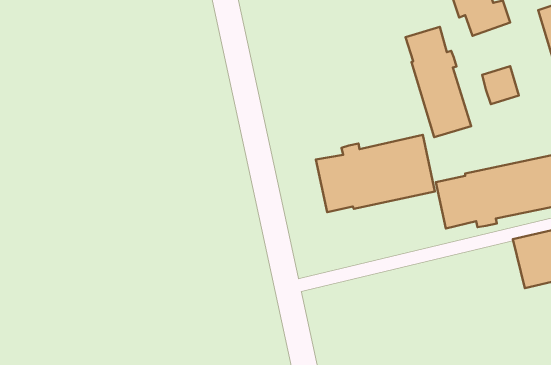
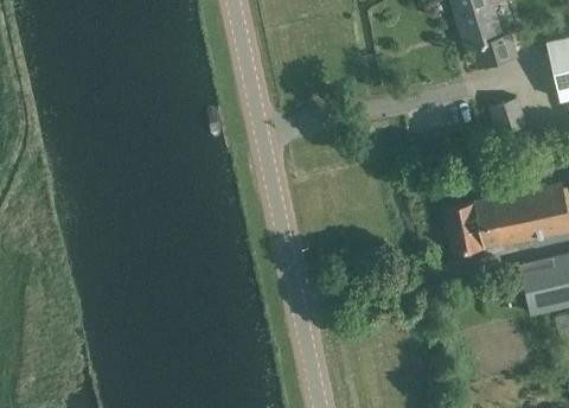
building: [406,27,471,137] -> none
building: [316,135,435,212] -> none

